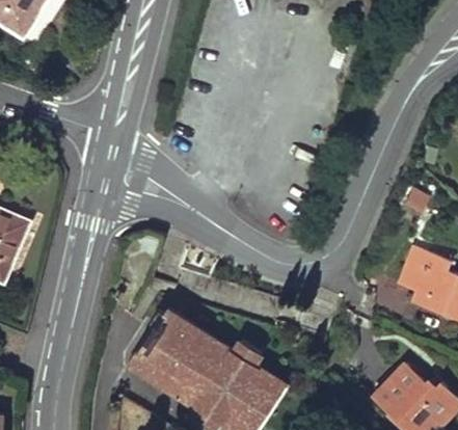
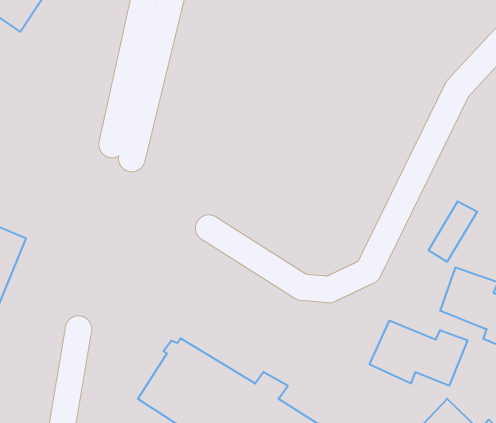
building: none -> [370,321,467,386]

